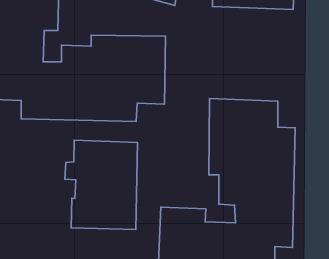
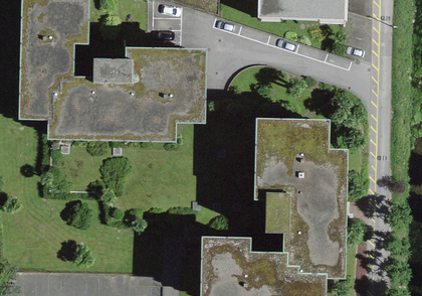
building: [65,140,138,230] -> none

